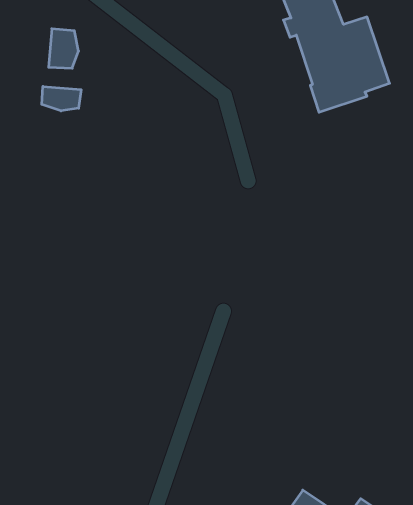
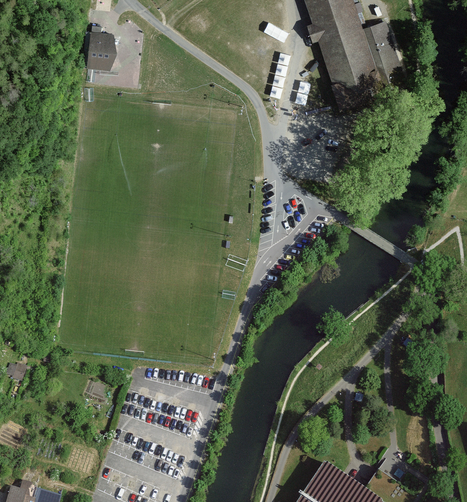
building: [42,86,81,111] -> none

